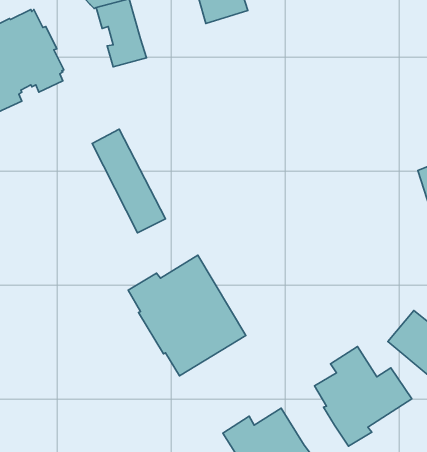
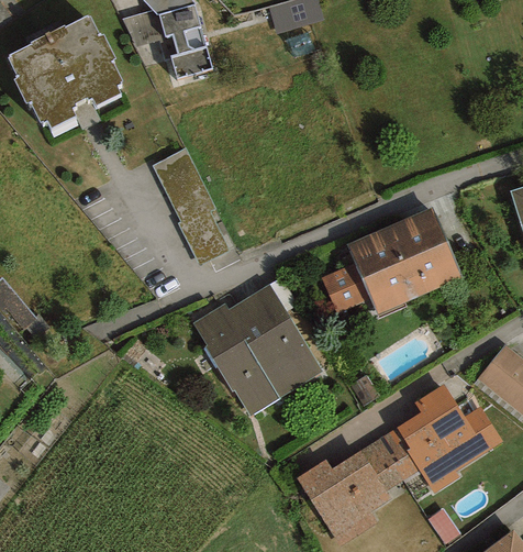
building: none -> [122,10,166,47]
building: none -> [321,209,460,314]
building: none -> [360,427,419,492]

